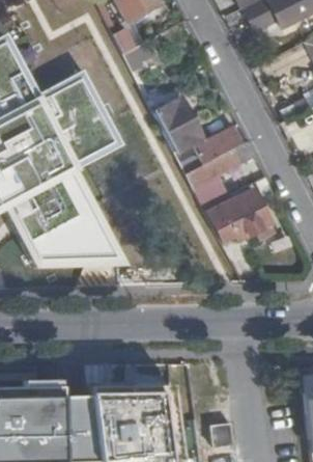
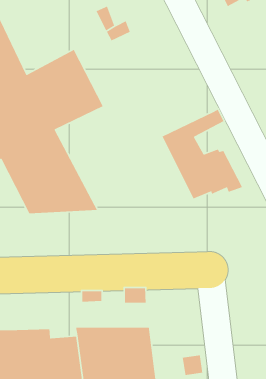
building: [151,97,243,173] -> none

